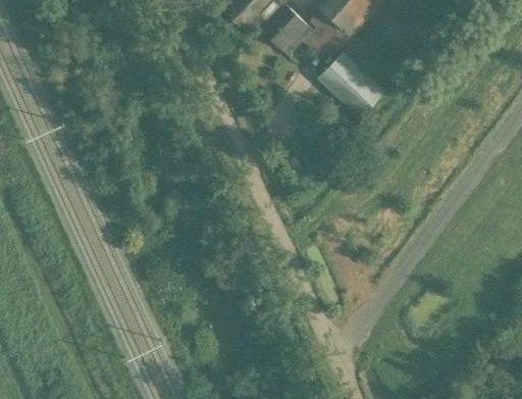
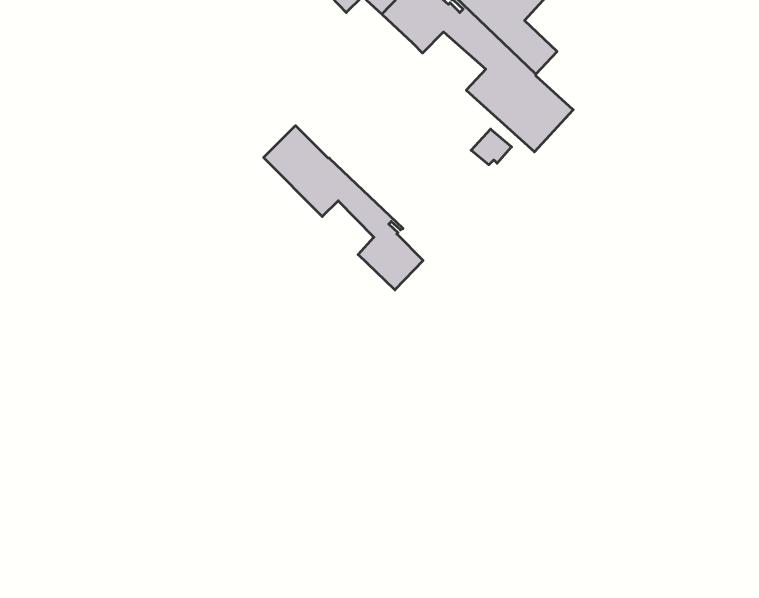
building: none -> [264,126,423,290]

